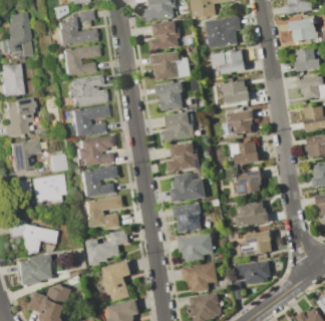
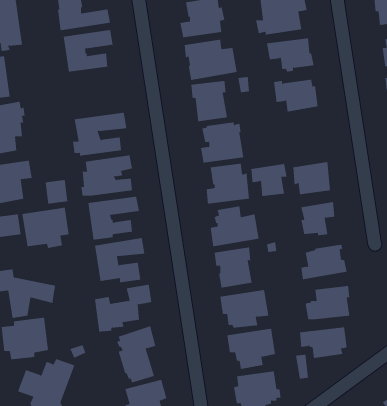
building: [67,74,107,105] -> none
building: [227,109,254,133] -> [250,163,288,196]

